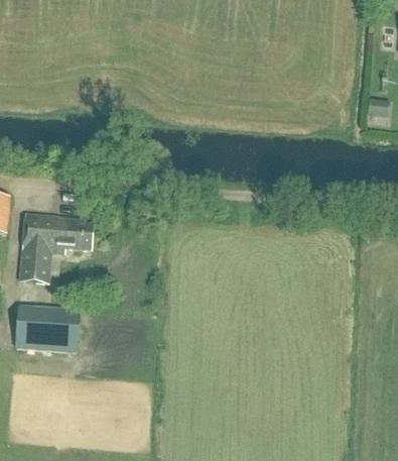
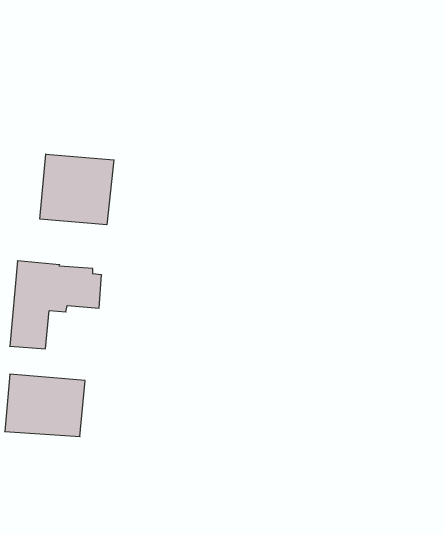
building: none -> [40,154,114,225]

